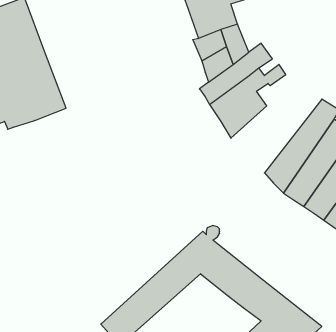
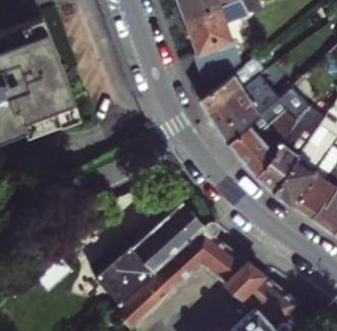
building: none -> [226,88,308,175]
building: none -> [94,202,199,301]

